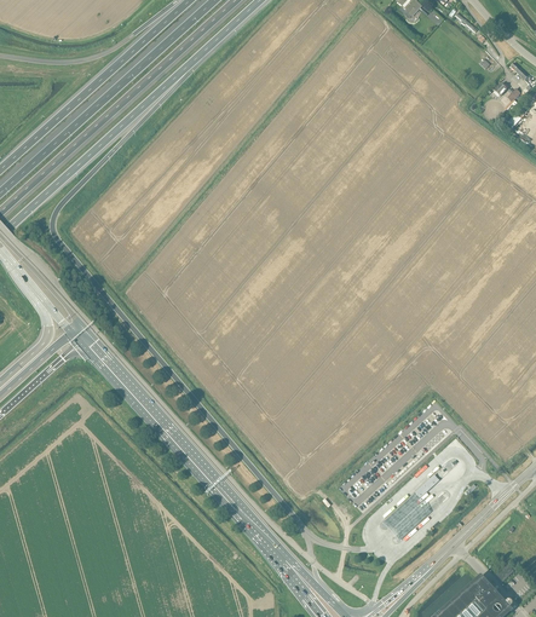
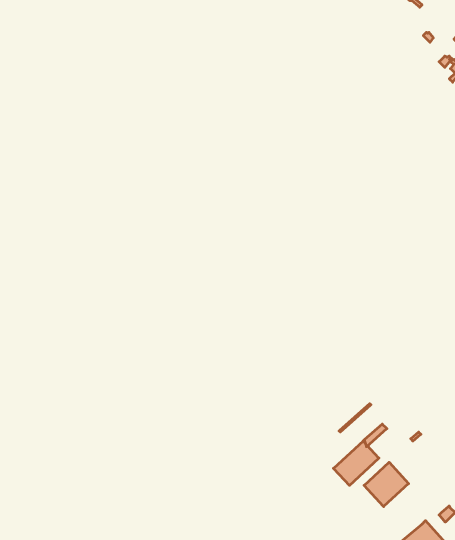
building: none -> [364,462,409,507]

